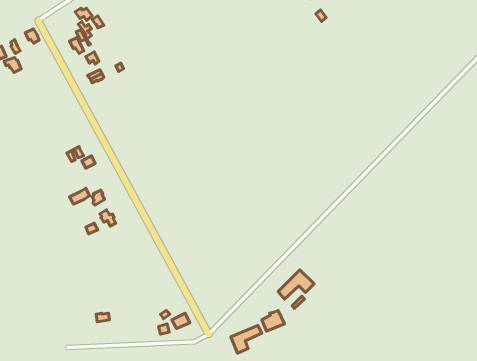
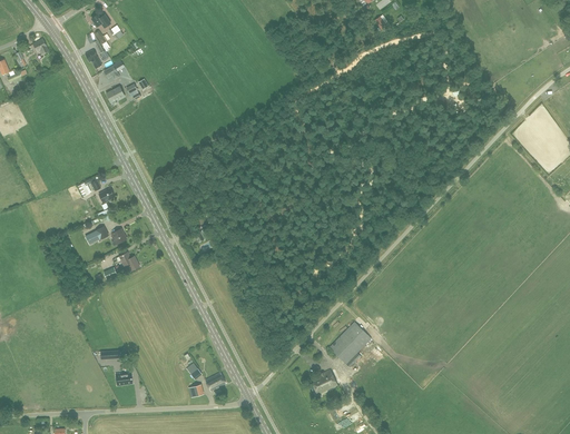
building: [231,325,262,353] -> none

